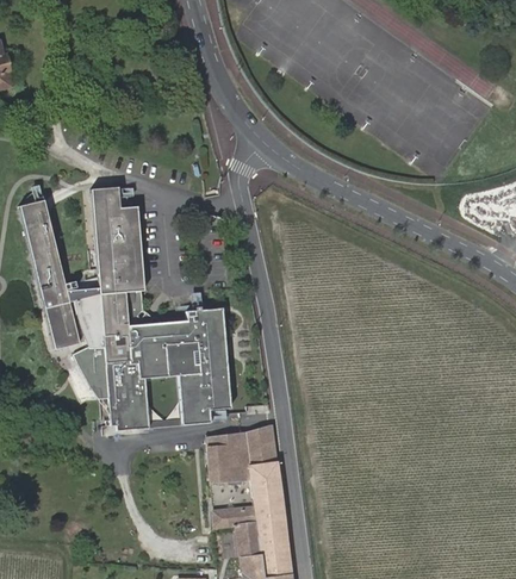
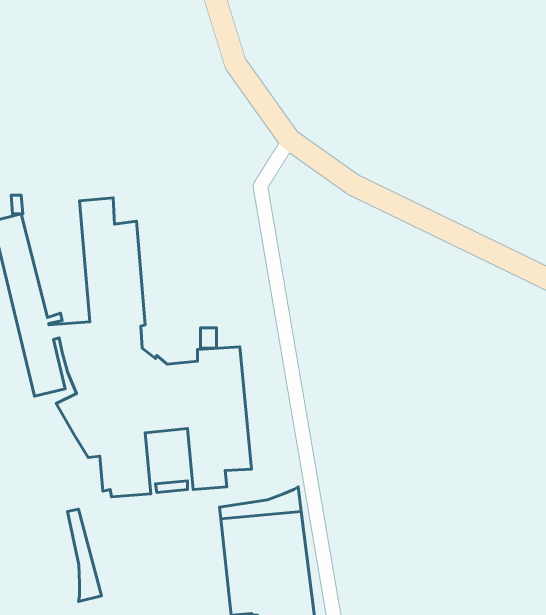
building: none -> [68,509,102,601]

